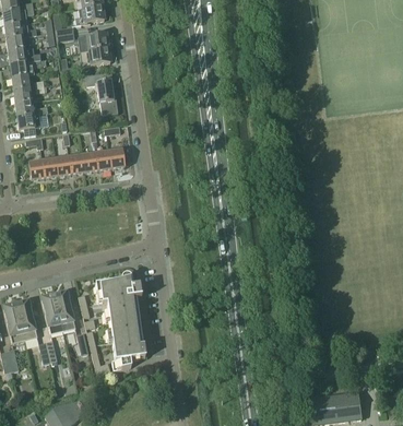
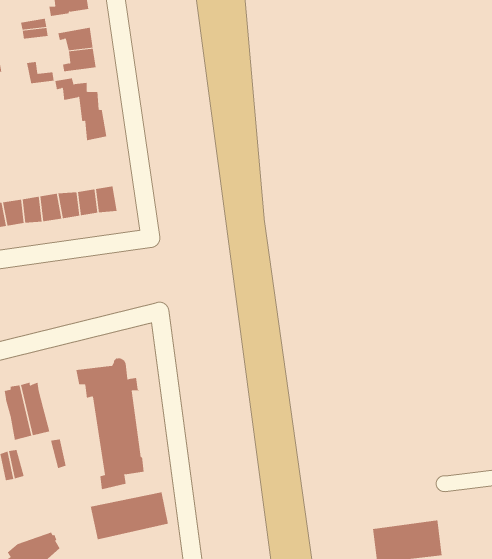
building: none -> [90,492,169,540]

